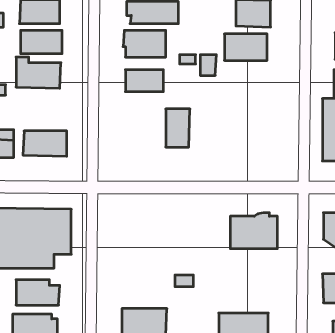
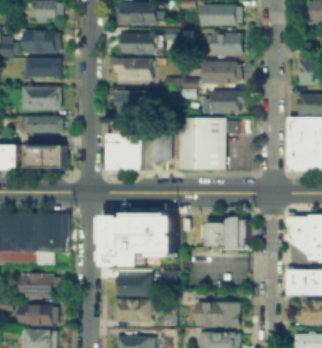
building: none -> [210,93,236,111]
building: none -> [24,117,62,134]
building: none -> [181,117,235,169]
building: none -> [105,119,143,171]
building: none -> [105,216,177,268]
building: none -> [116,277,151,296]

